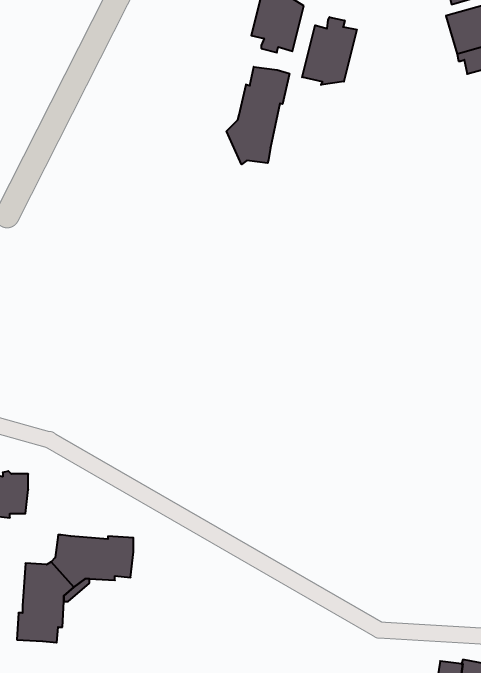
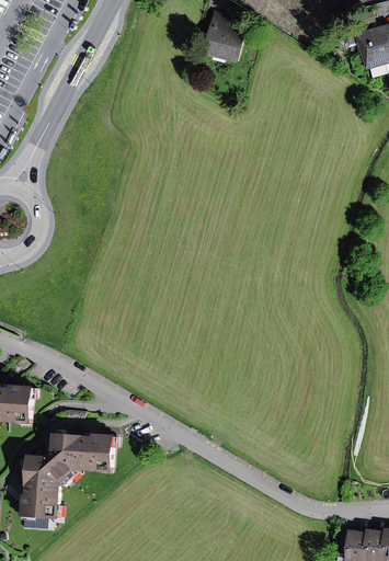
building: [302,17,357,85] -> none
building: [227,67,289,164] -> none

